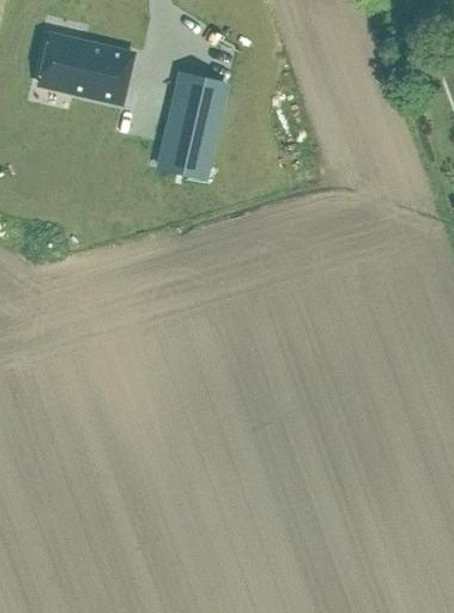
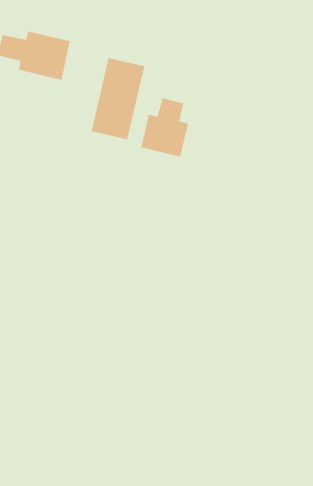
building: none -> [141,98,189,158]

